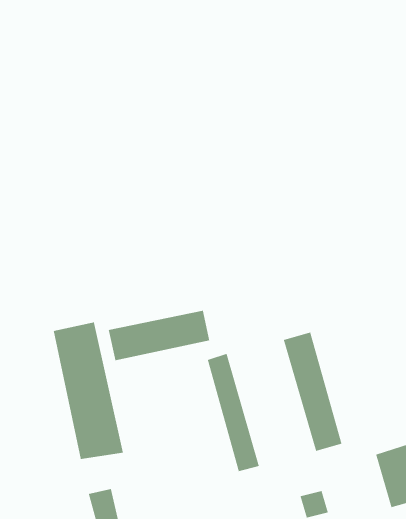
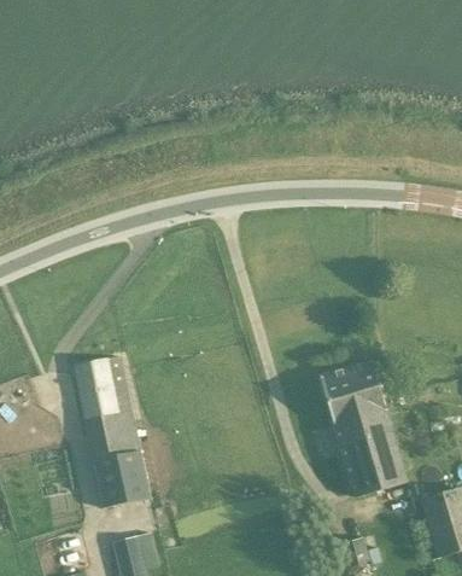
building: [108,310,210,361] -> none
building: [207,353,260,472] -> [352,360,409,488]

